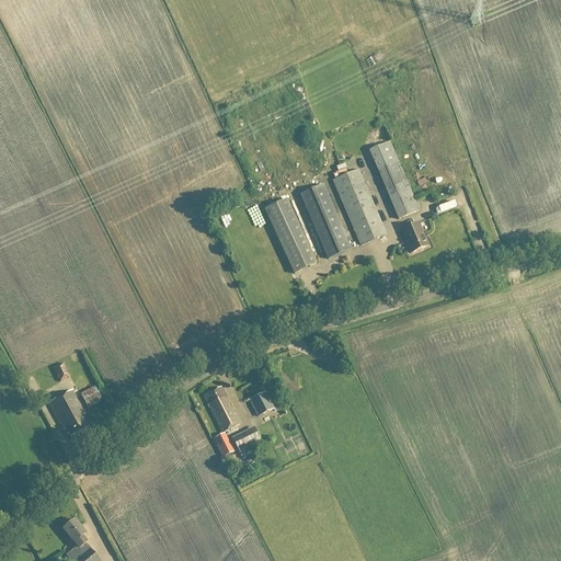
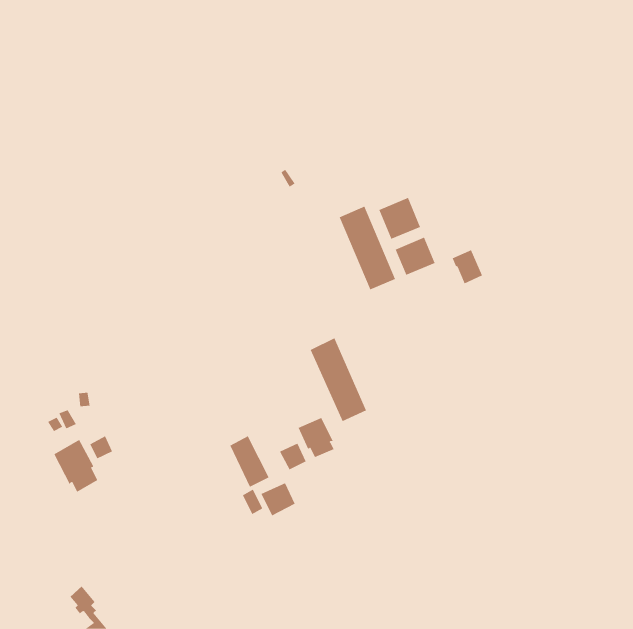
building: [369,140,417,217] -> none
building: [265,196,316,271] -> [310,337,367,422]
building: none -> [298,417,334,458]

